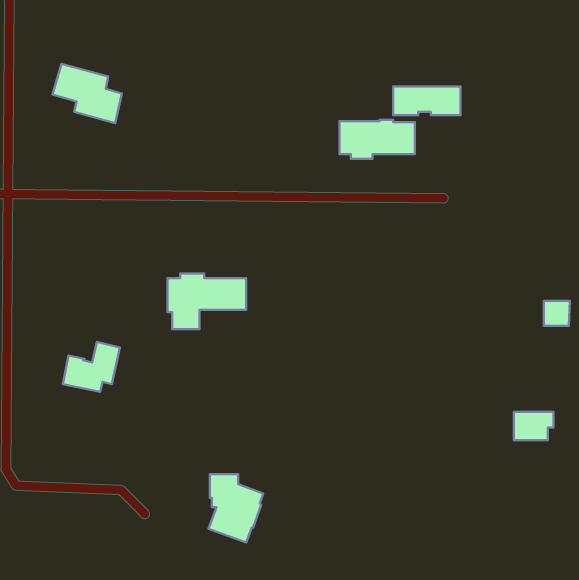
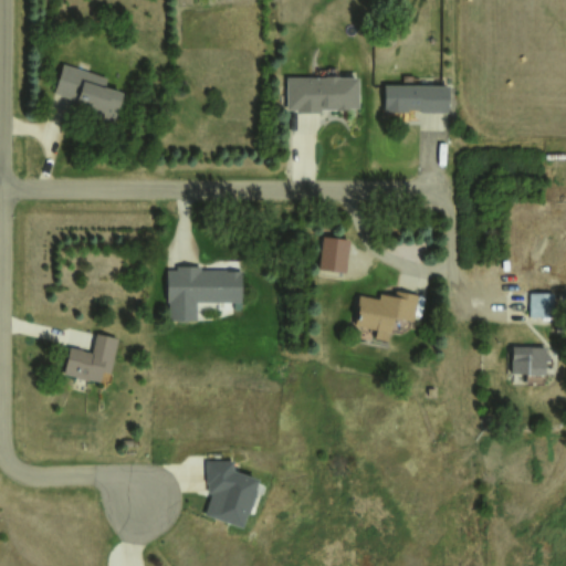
building: [340,120,415,159] -> [287,76,360,114]
building: none -> [318,238,350,274]
building: none -> [356,292,419,342]
building: [514,412,554,440] -> [512,347,551,375]

